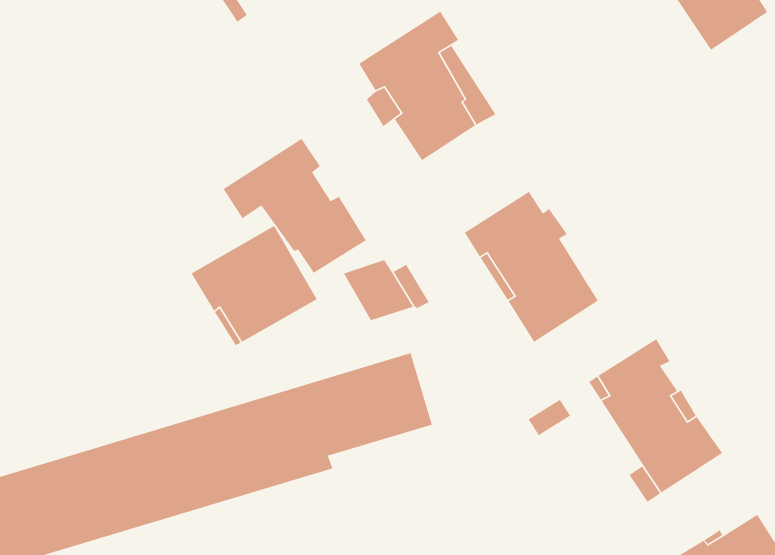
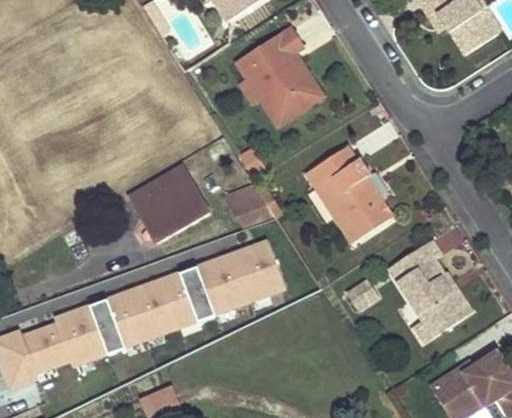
building: [222,138,367,274] -> none

